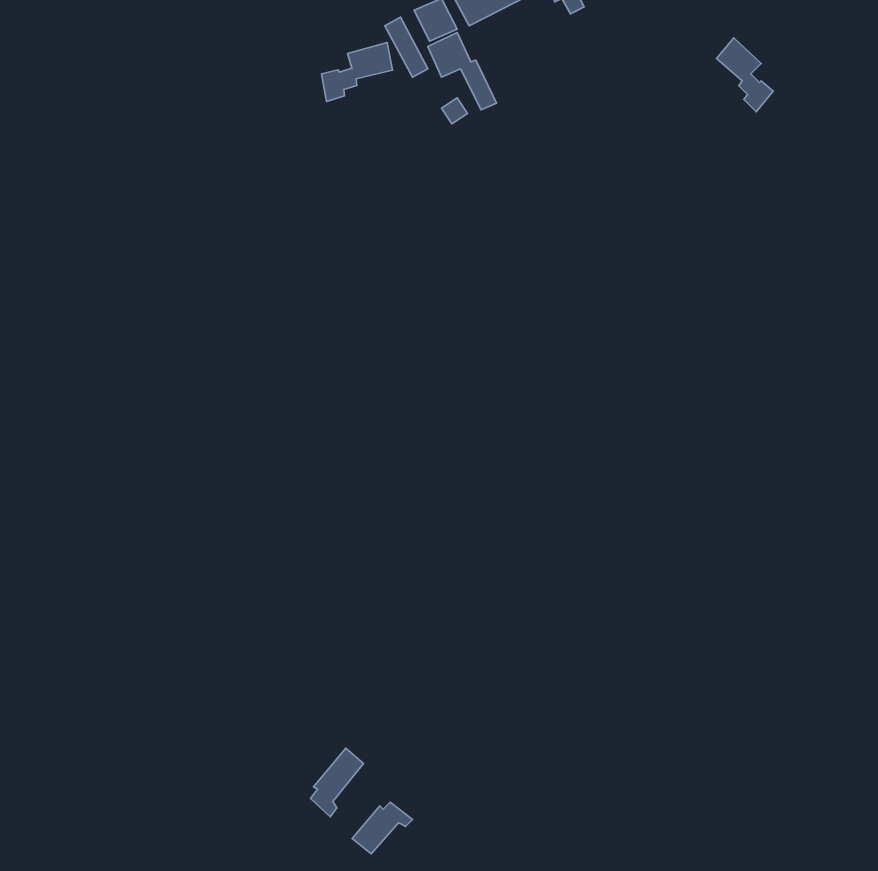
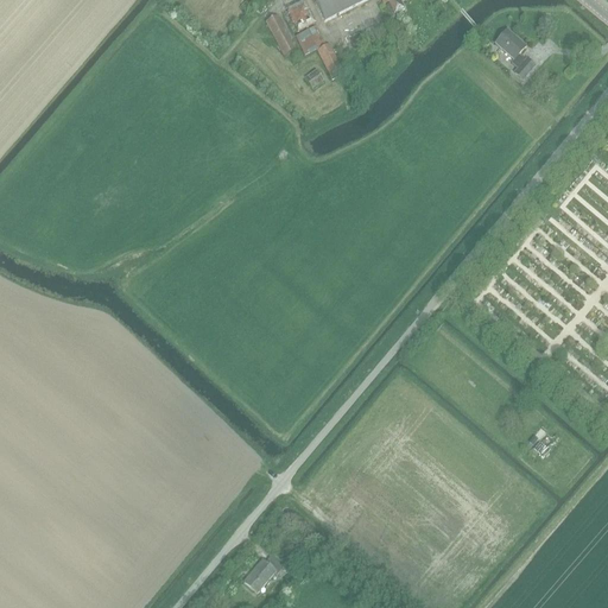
building: [321,42,393,101] -> none
building: [311,748,363,817] -> none

